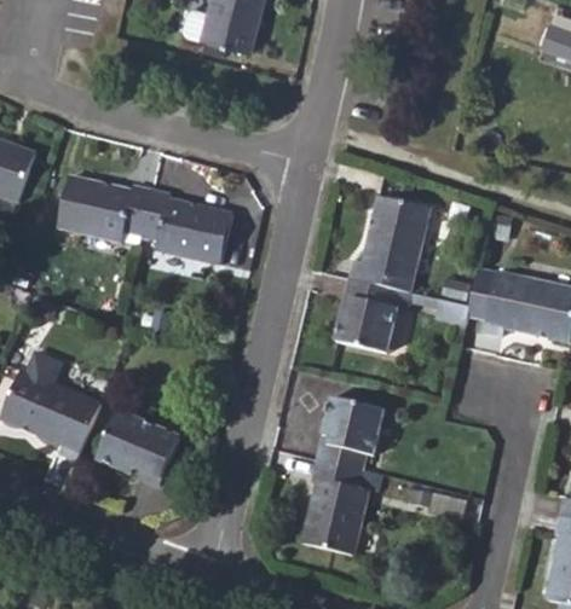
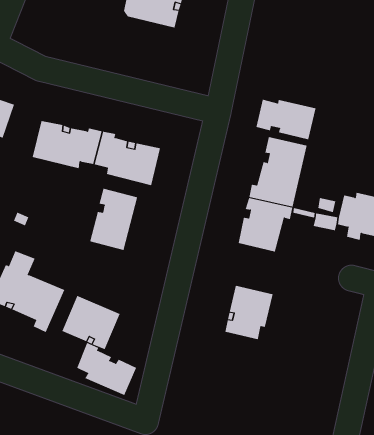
building: none -> [256,99,316,140]
building: none -> [90,188,138,251]
building: [304,459,369,555] -> none
building: none -> [76,342,137,396]

